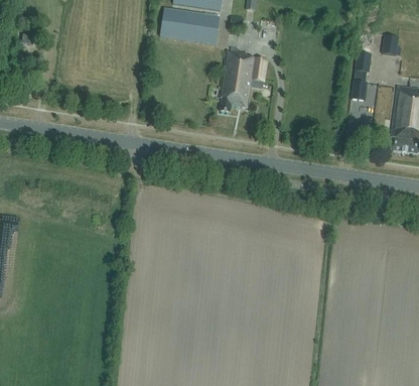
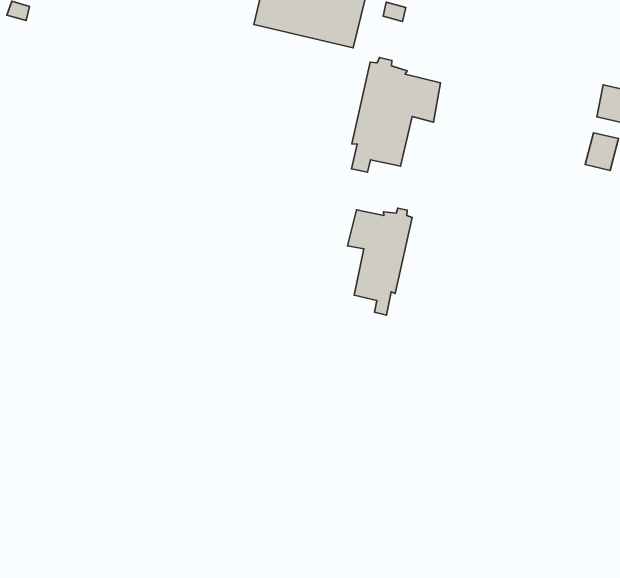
building: none -> [347,208,412,315]

